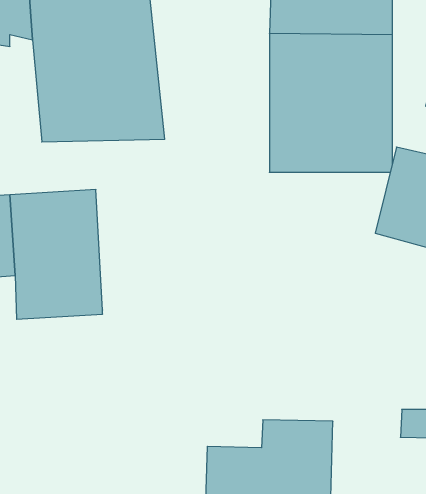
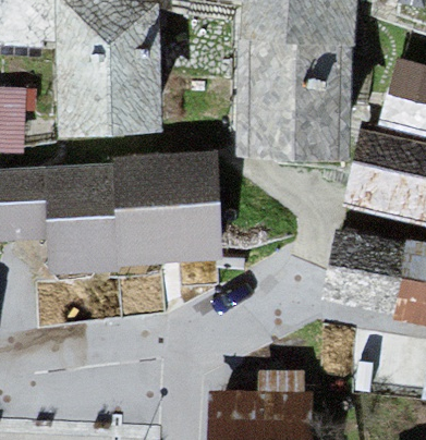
building: none -> [113,157,221,267]

